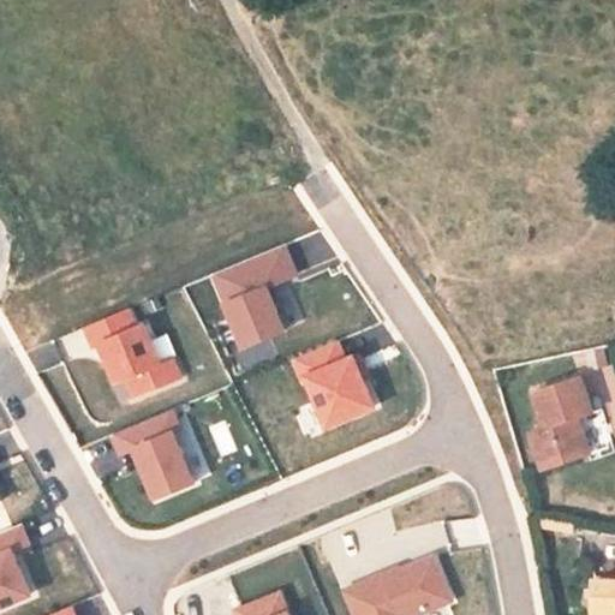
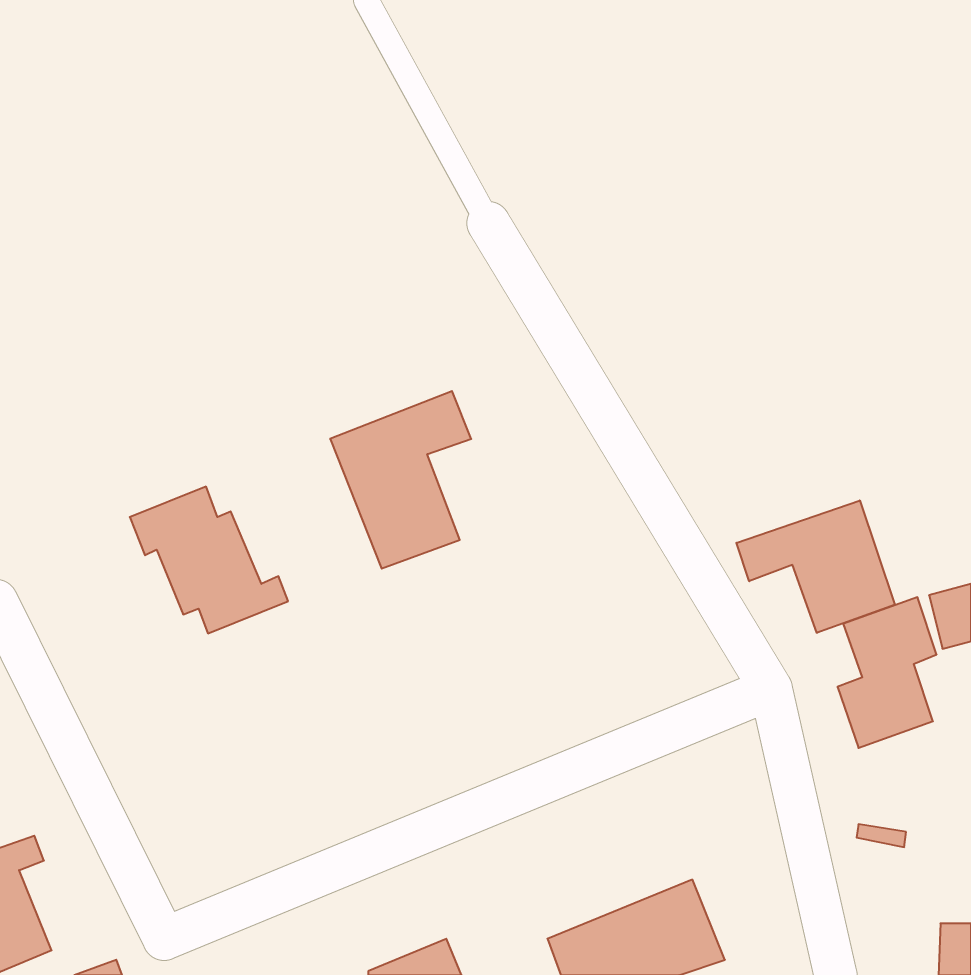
building: none -> [736,500,895,633]
building: [289,340,378,432] -> none
building: [111,407,197,503] -> none

